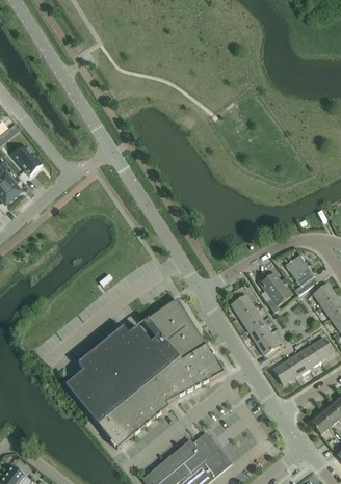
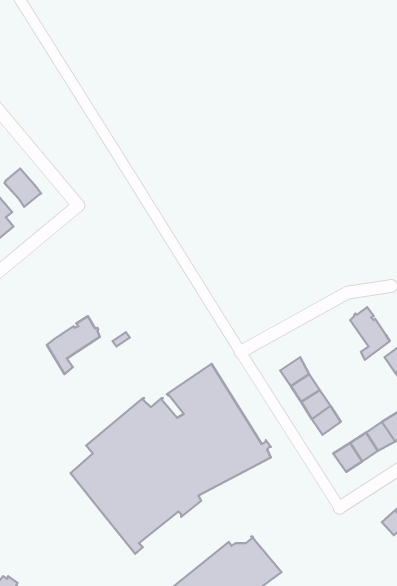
building: none -> [47,316,100,374]
building: [260,272,290,312] -> none

